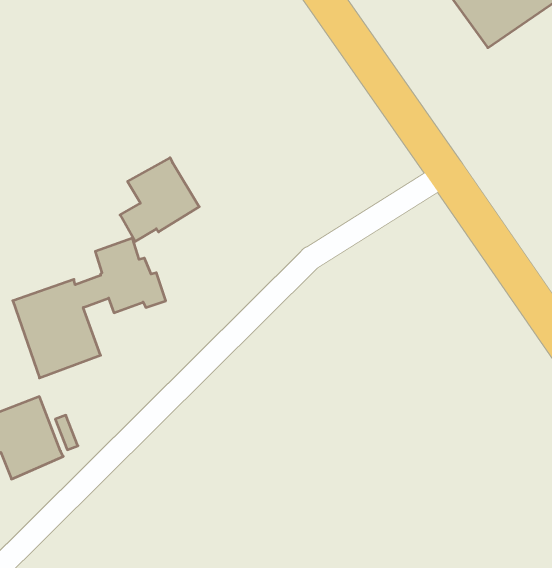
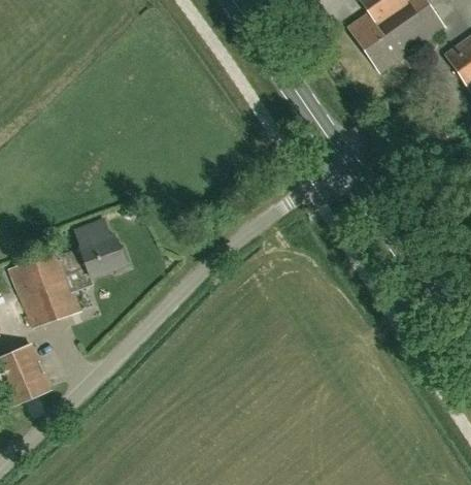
building: [120,158,199,241] -> none

